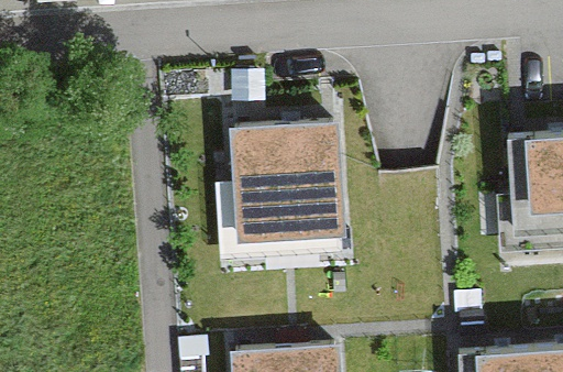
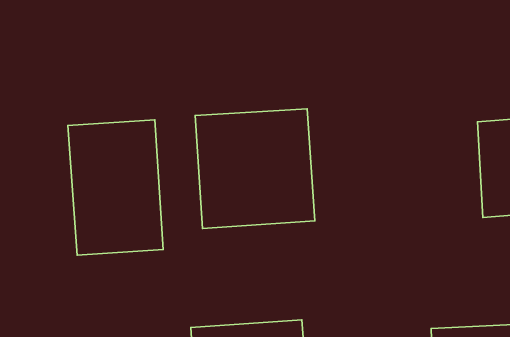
building: none -> [68,120,163,255]

